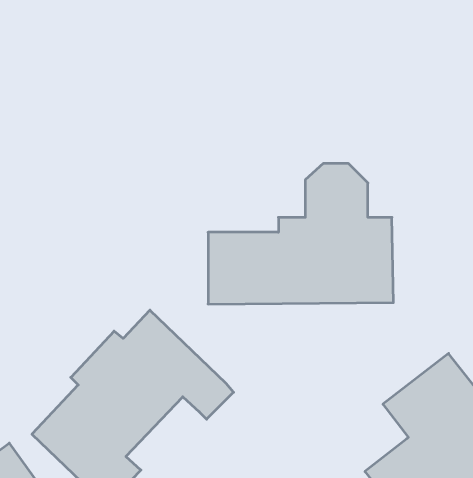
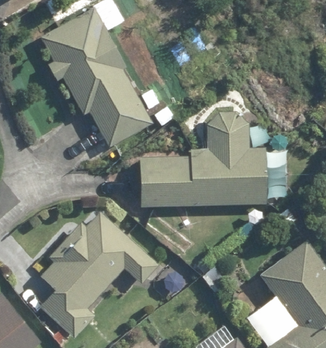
building: none -> [42,10,154,147]

